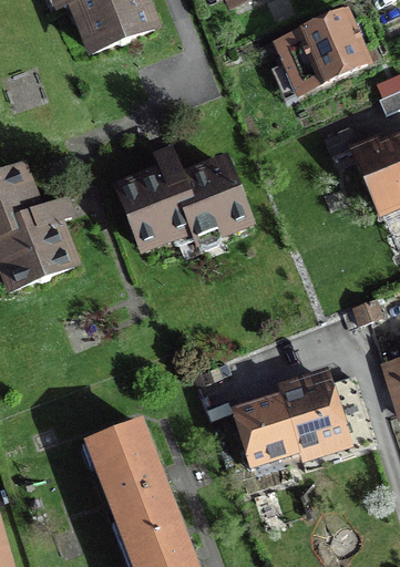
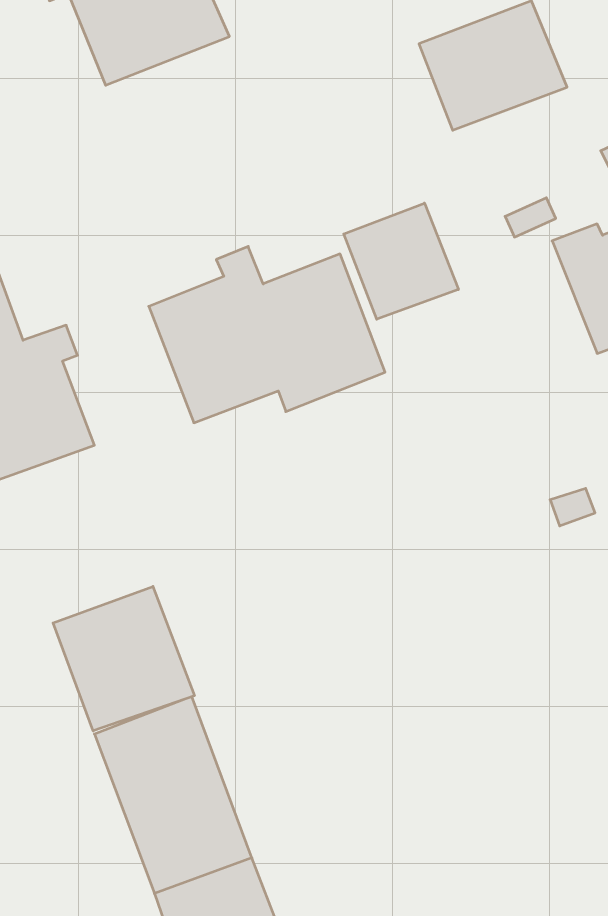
building: none -> [344,203,458,319]
building: none -> [53,586,194,731]
building: [233,373,371,466] -> none

